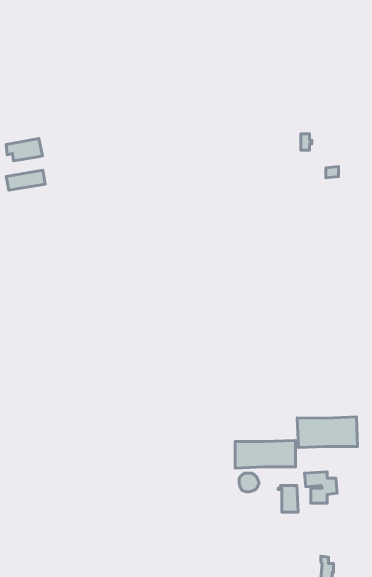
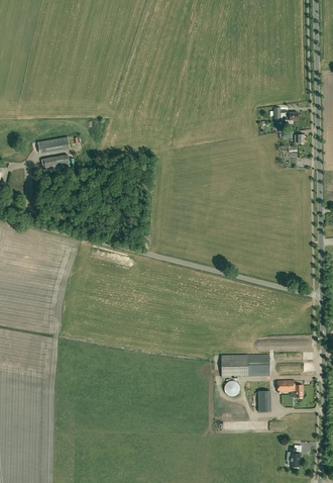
building: [6,138,43,161] -> [40,155,70,173]
building: [297,417,358,448] -> none

